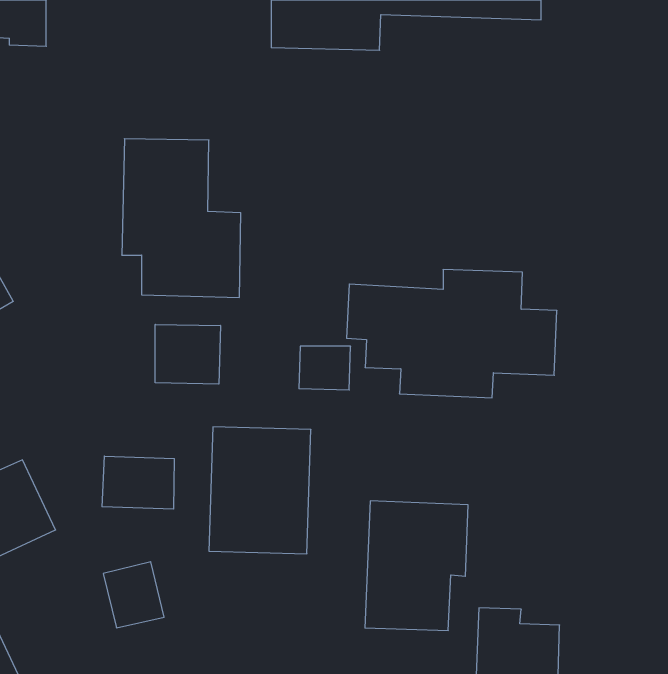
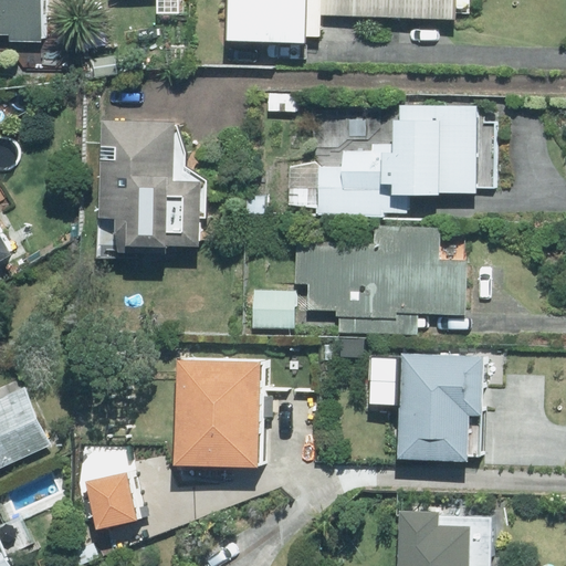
building: none -> [314,105,474,212]
building: [155,324,220,384] -> none
building: [102,456,174,509] -> none
building: [365,501,468,630] -> [397,352,483,460]

